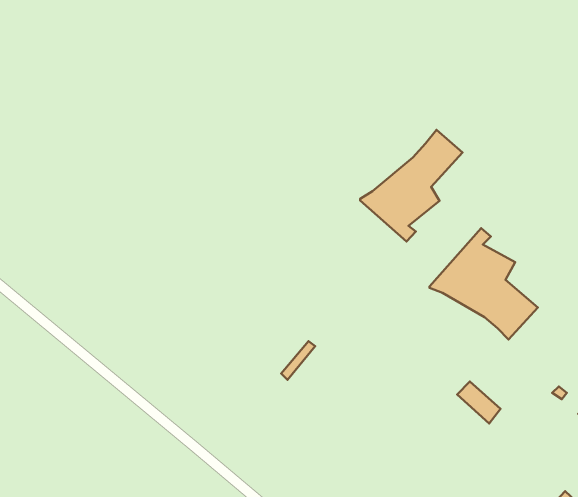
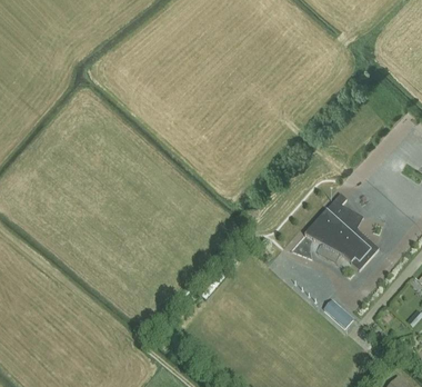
building: [360,130,462,242] -> none

